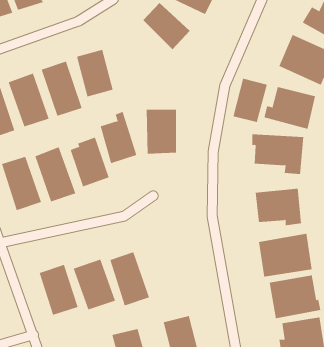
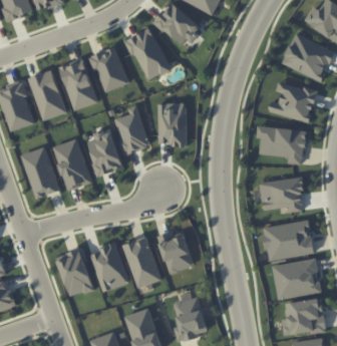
building: none -> [127,28,170,81]
building: [233,78,267,123] -> none
building: none -> [157,232,194,274]

